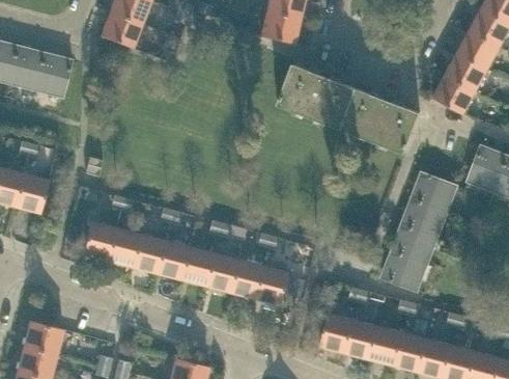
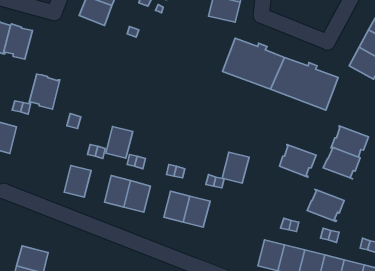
building: [33,53,72,97] -> [29,74,60,109]
building: [15,173,48,213] -> none
building: [393,224,439,265] -> [279,144,316,177]
building: [107,227,140,267] -> [106,126,133,158]
building: [180,247,214,286] -> none
building: [254,266,287,304] -> [222,152,249,183]

